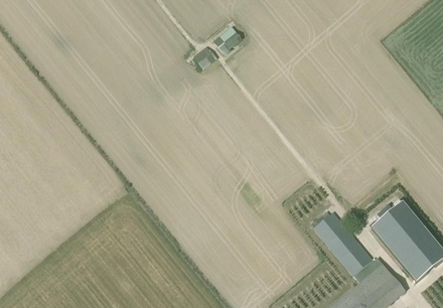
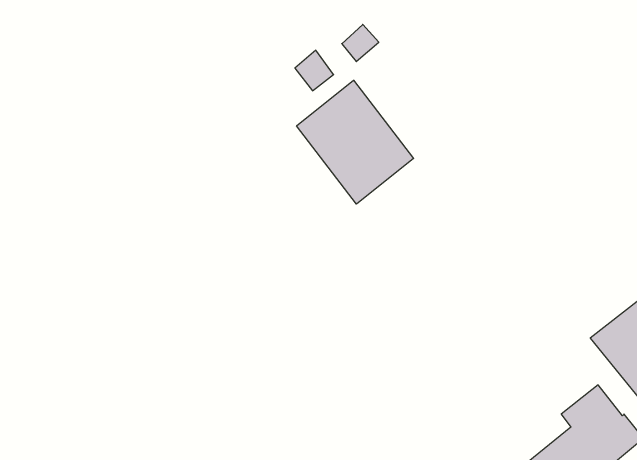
building: none -> [297,80,414,204]
building: [312,208,373,274] -> none

